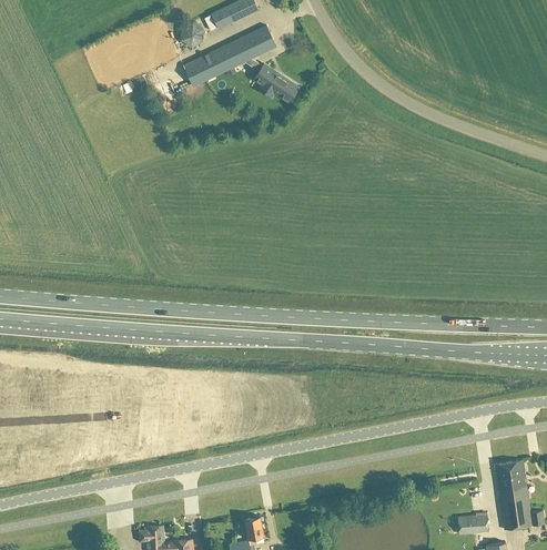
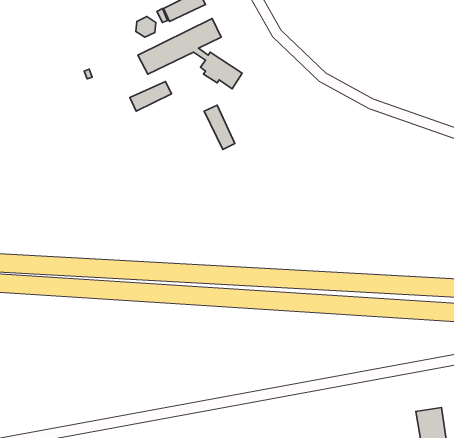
building: none -> [130,82,172,111]
building: none -> [204,105,235,149]

